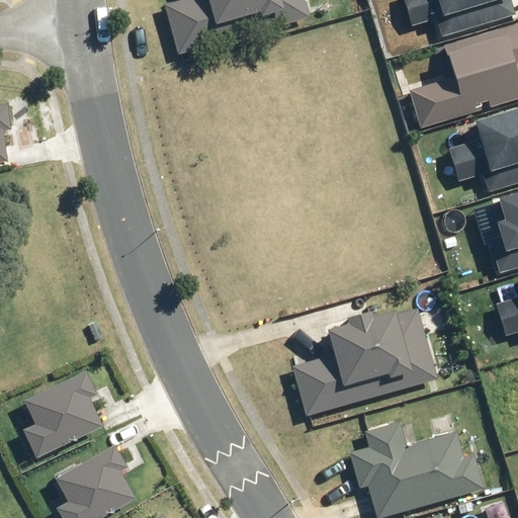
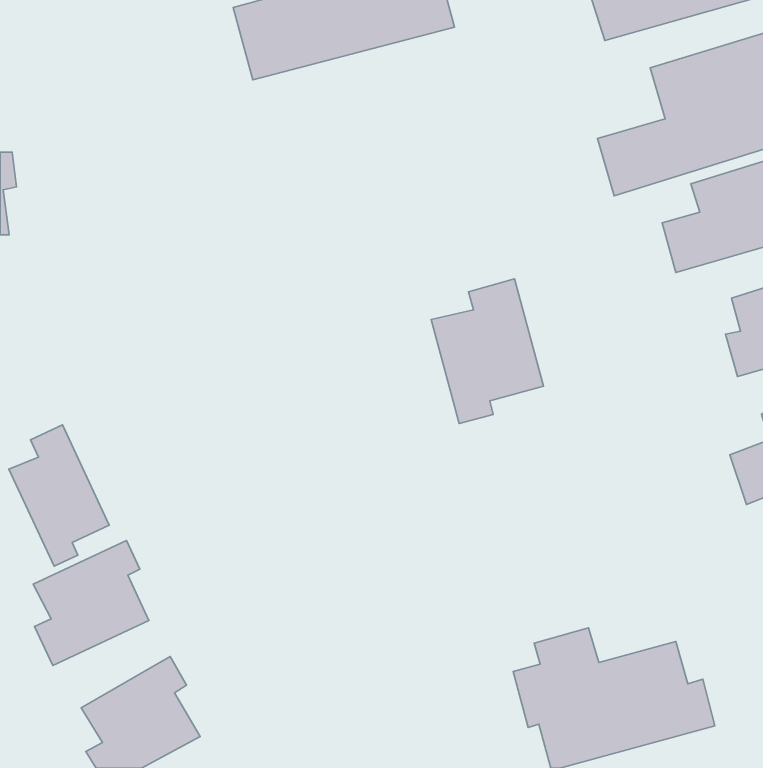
building: none -> [431,279,543,423]
building: none -> [9,425,109,566]
building: [292,309,436,416] -> none

